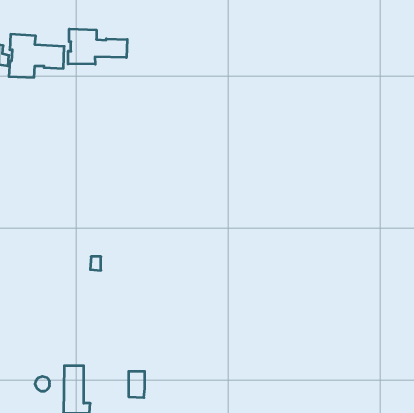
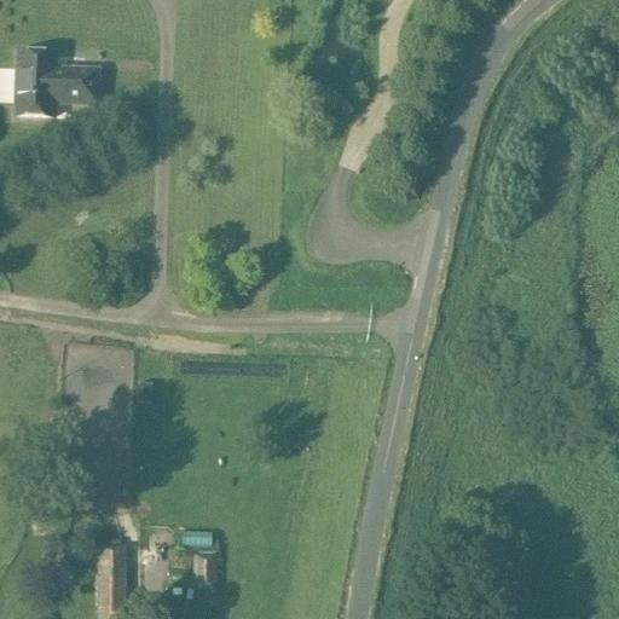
building: [68,29,127,64] -> none

